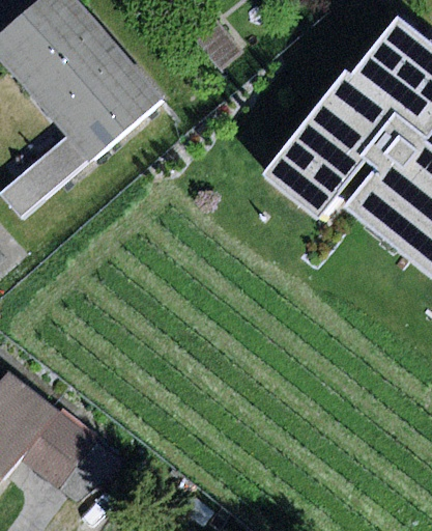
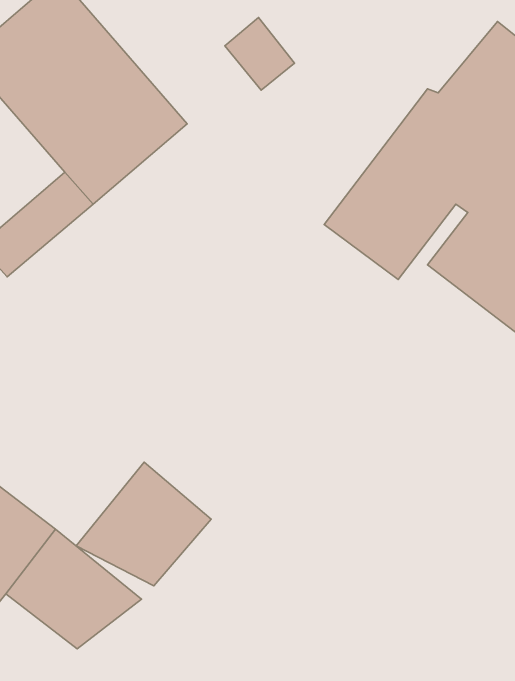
building: none -> [76,462,211,586]

